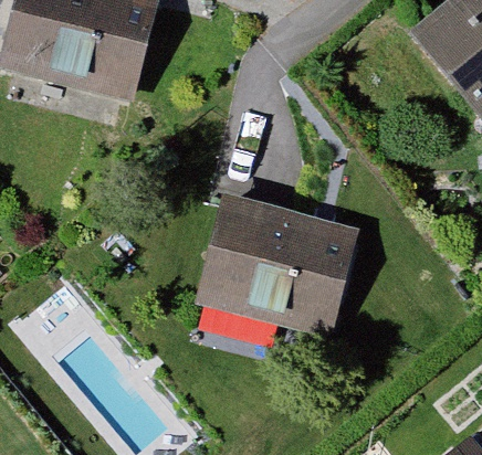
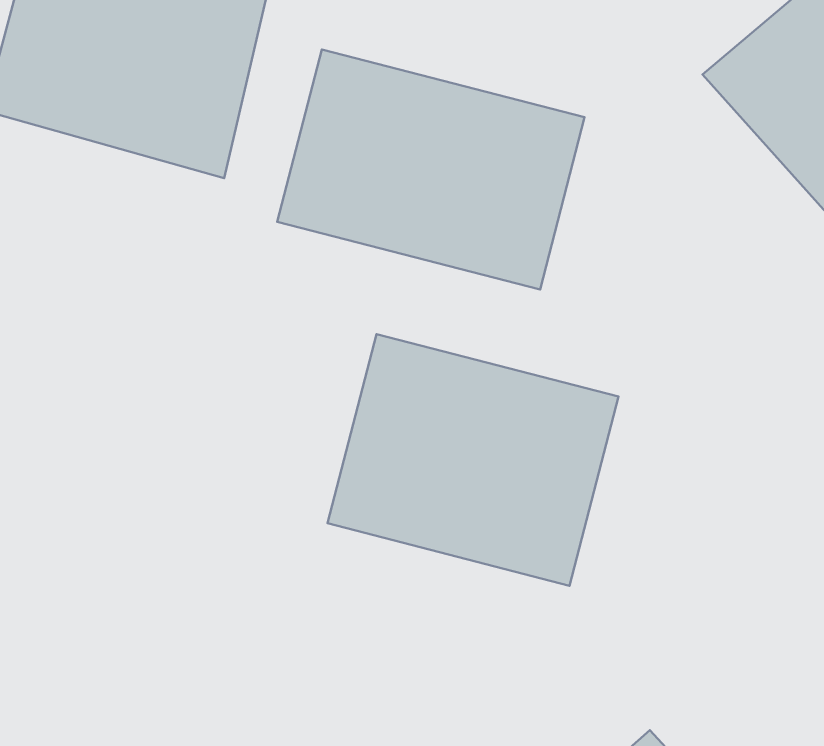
building: none -> [277,49,585,289]

